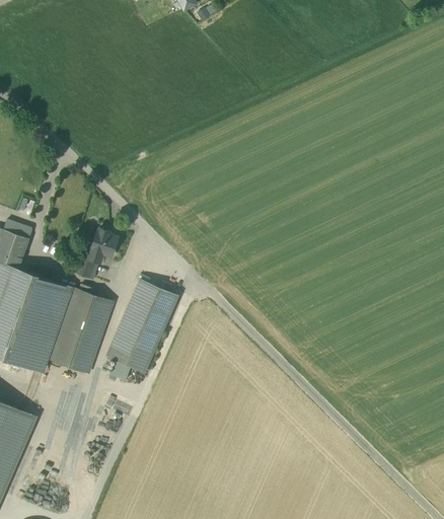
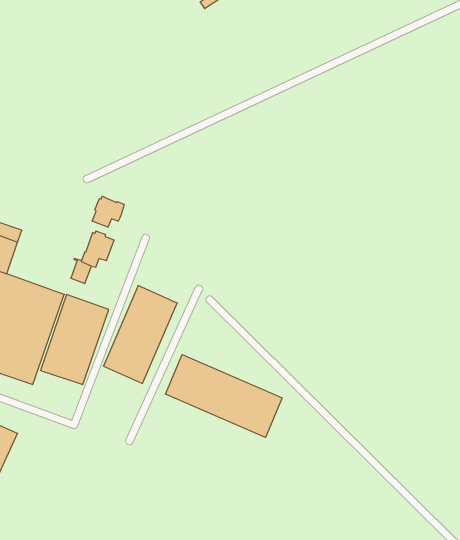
building: none -> [92,196,124,227]
building: none -> [166,355,282,437]

